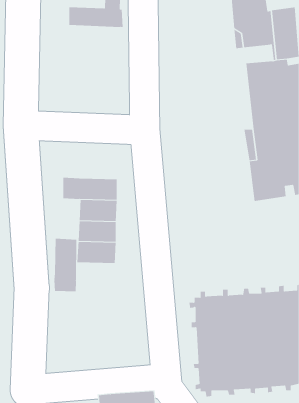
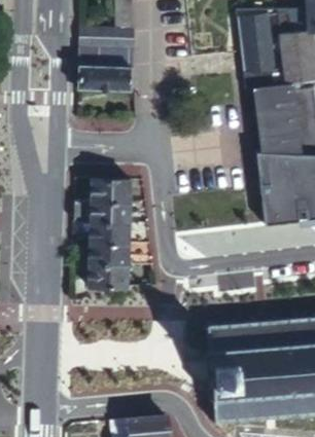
building: none -> [78,49,133,90]
building: none -> [92,180,131,205]
building: [54,238,77,292] -> none

